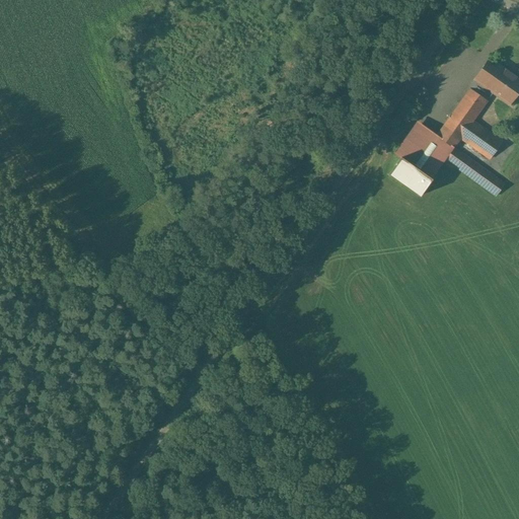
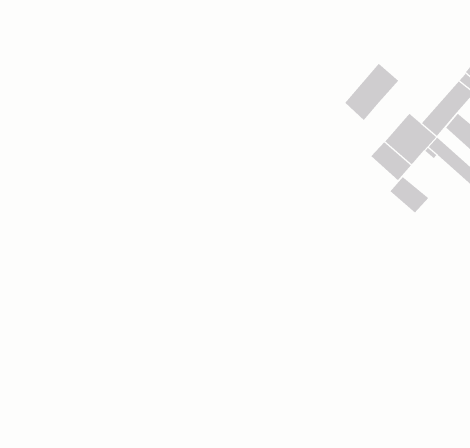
building: none -> [345,63,399,121]
building: none -> [389,176,429,214]

